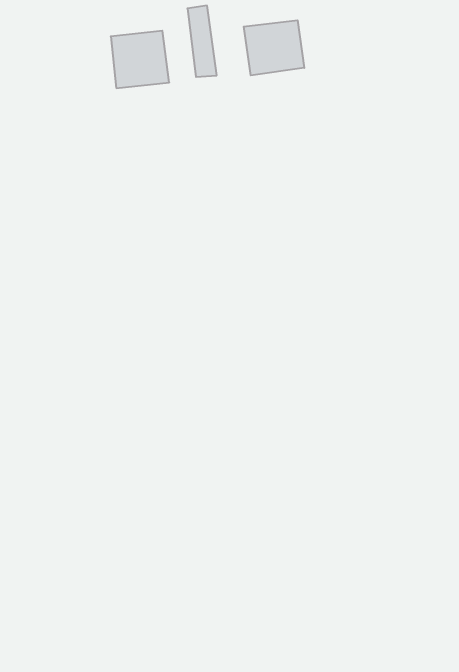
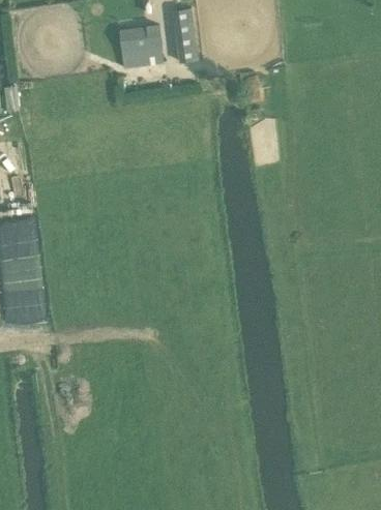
building: [244,20,304,75] -> none

